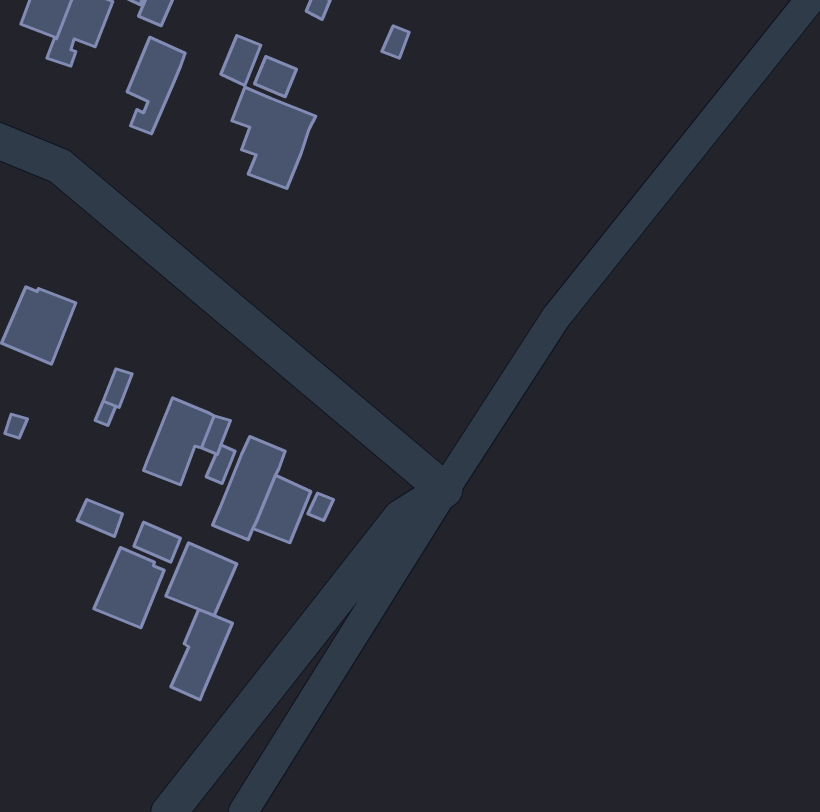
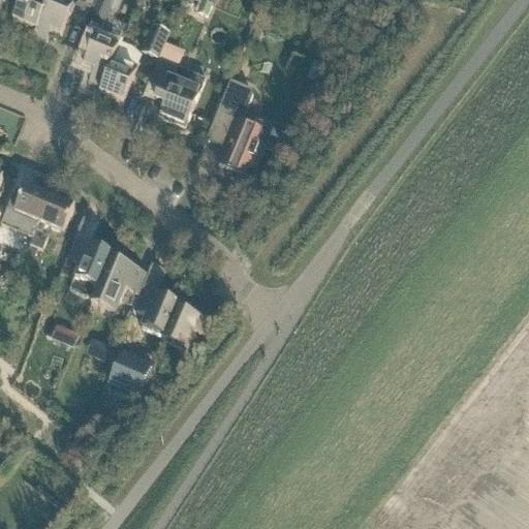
building: none -> [97,42,137,96]
building: none -> [208,76,278,169]
building: none -> [29,194,73,247]
building: none -> [71,242,113,297]
building: [94,547,164,628] -> none
building: [171,610,233,700] -> none

